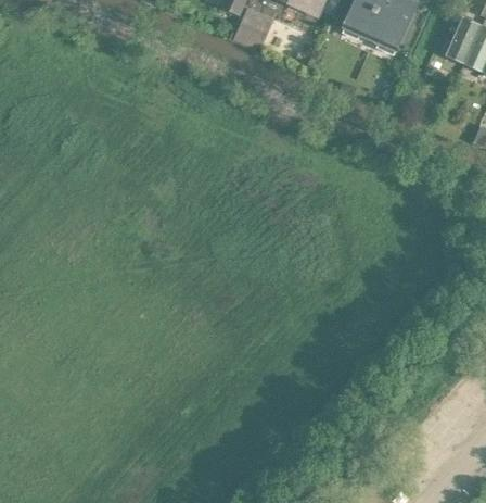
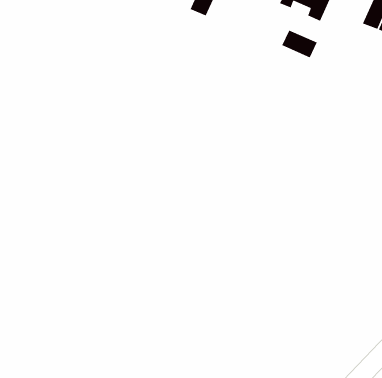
building: none -> [281,29,318,58]

